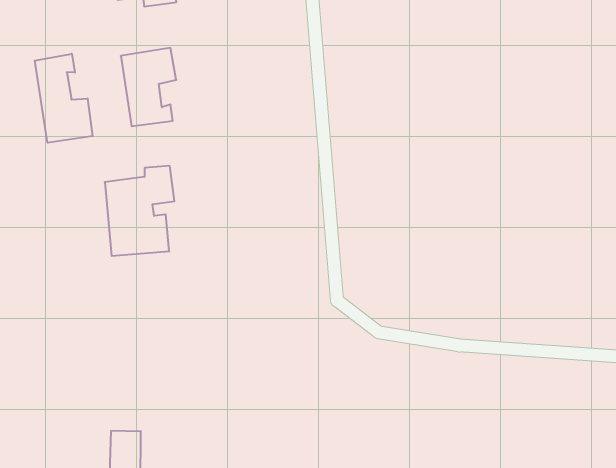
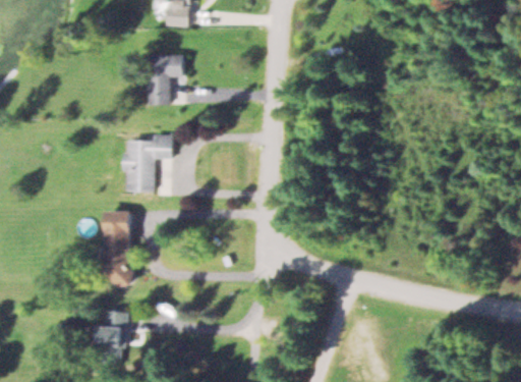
building: [35,54,93,143] -> none
building: none -> [103,210,130,285]

